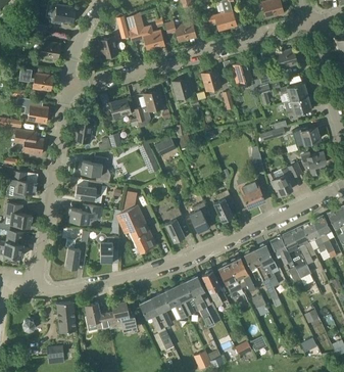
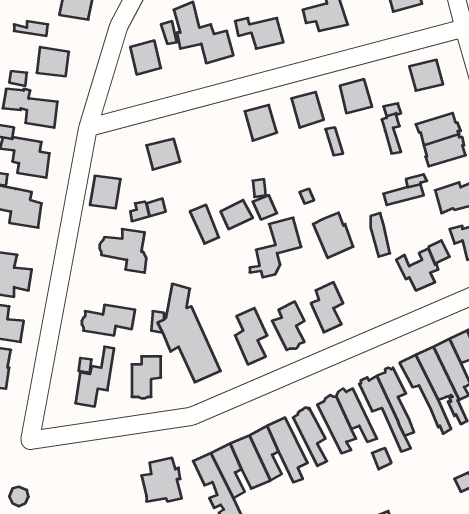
building: [131,90,163,128] -> [250,218,301,277]
building: [239,180,264,208] -> [313,213,353,258]
building: [75,181,110,203] -> none
building: [56,301,77,332] -> none
building: [85,303,109,329] -> none

